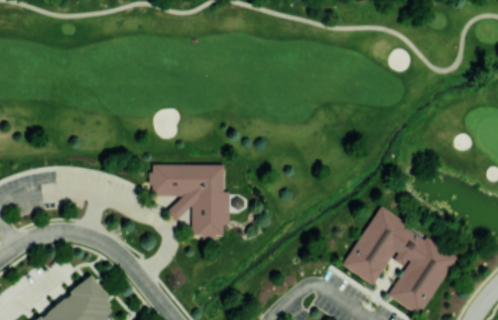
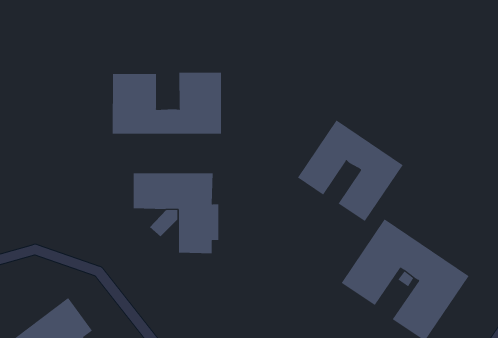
building: none -> [112,72,222,135]
building: none -> [297,119,404,222]

